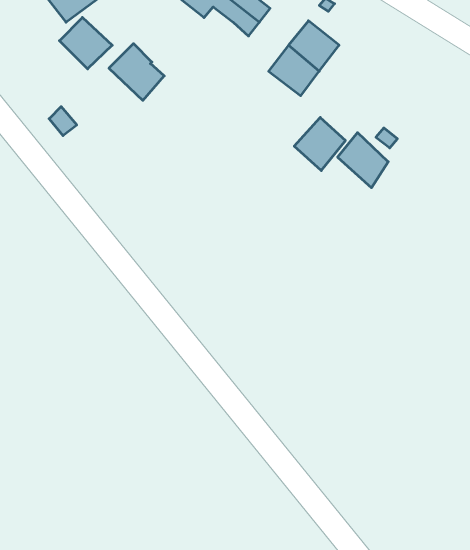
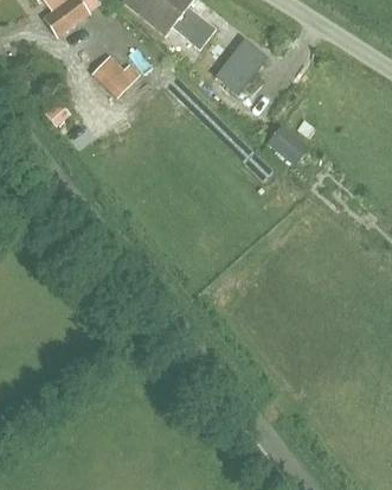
building: [59,17,112,69] -> none
building: [294,117,345,171] -> none

